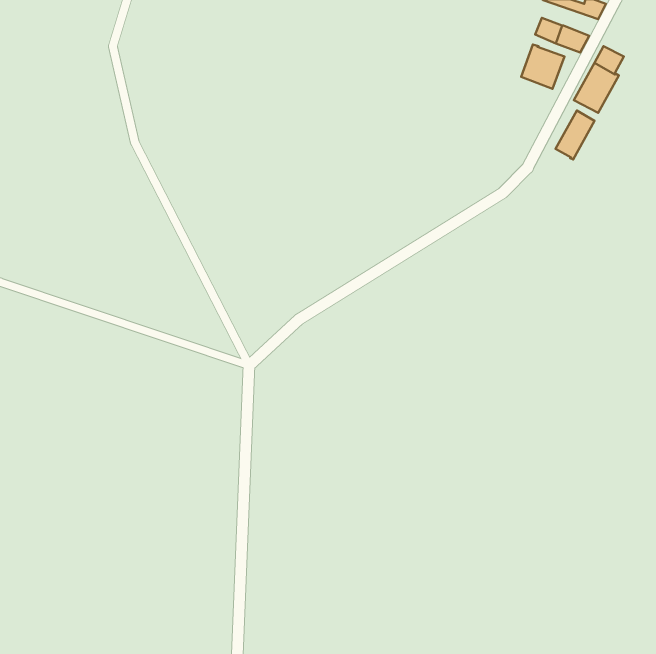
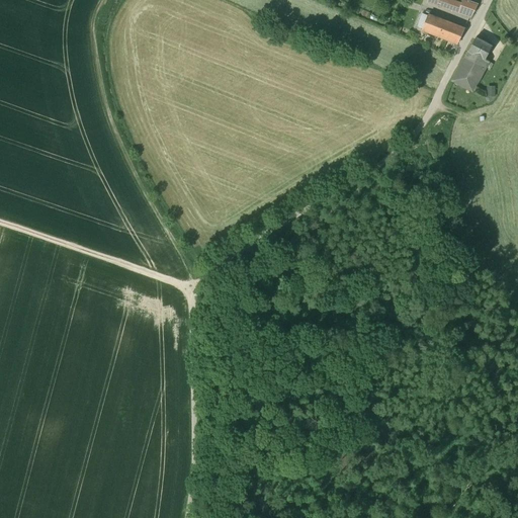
building: [521,44,564,89] -> none
building: [555,110,595,160] -> none

